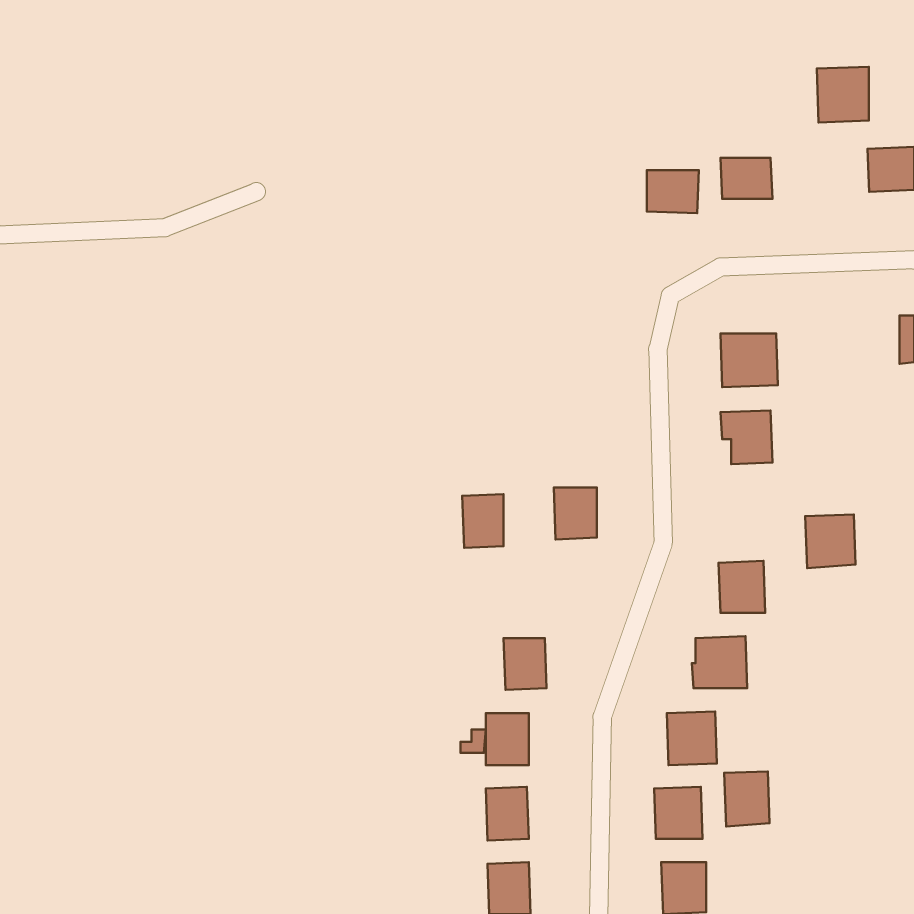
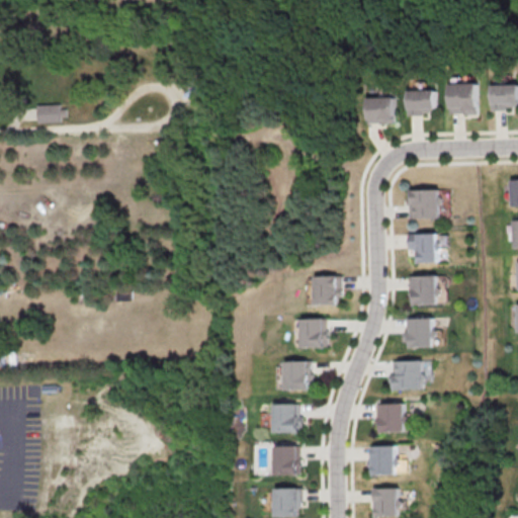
building: [817,67,869,122] -> [448,83,478,114]
building: none -> [31,105,59,121]
building: [462,494,503,548] -> [300,318,324,348]
building: [805,514,856,568] -> [408,275,436,306]
building: [724,771,770,826] -> none

